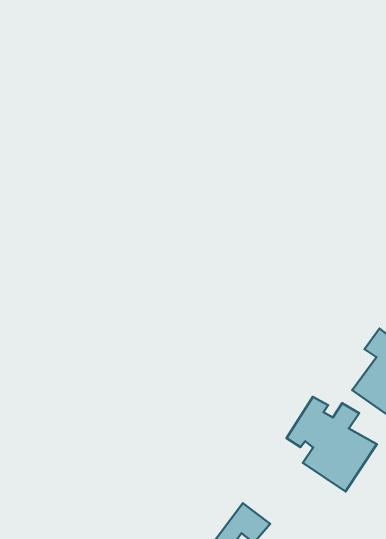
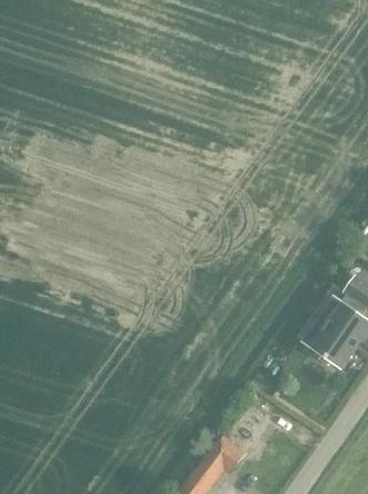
building: [286,397,377,492] -> none

